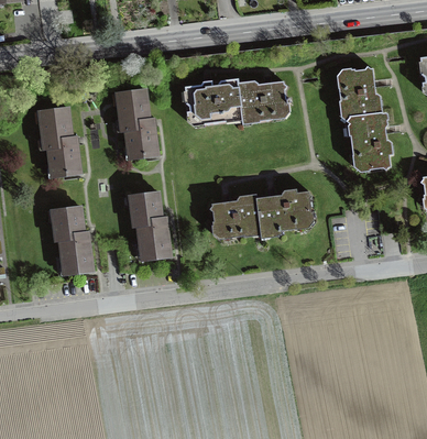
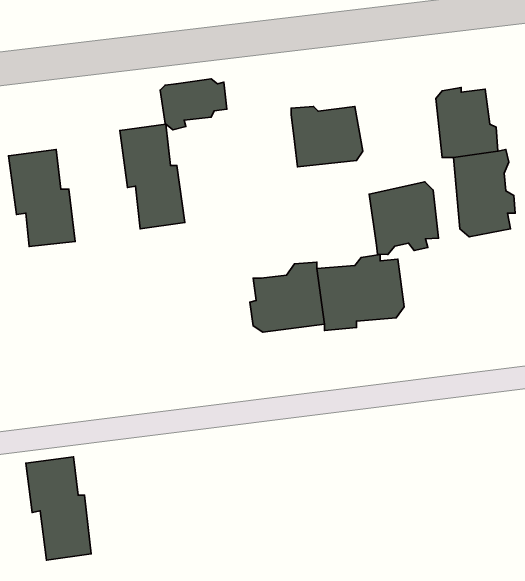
building: [191,84,238,119] -> [160,79,227,130]
building: none -> [369,182,438,254]
building: [130,195,175,263] -> none
building: [52,206,97,277] -> [26,457,91,560]

